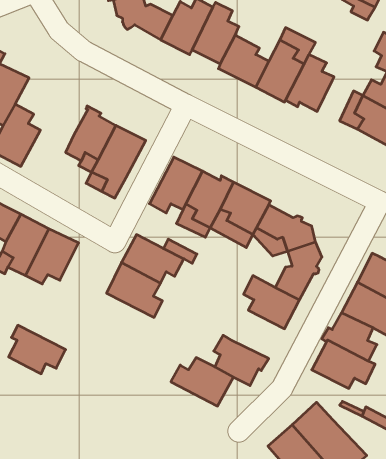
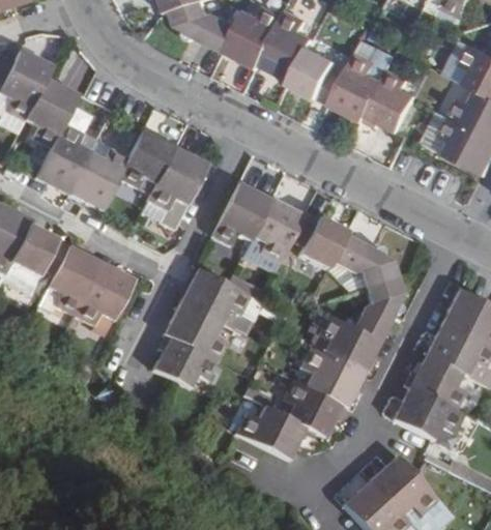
building: none -> [70,147,129,210]
building: none -> [301,346,364,407]
building: [9,325,66,374] -> [155,333,219,387]

